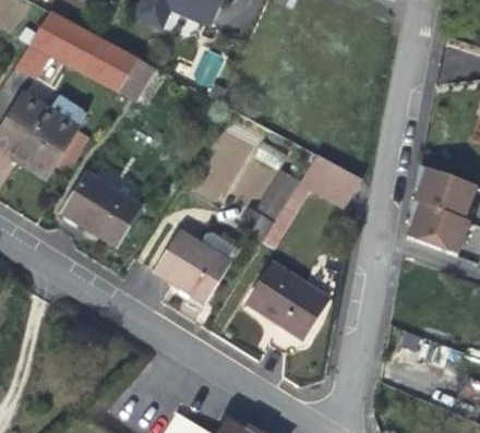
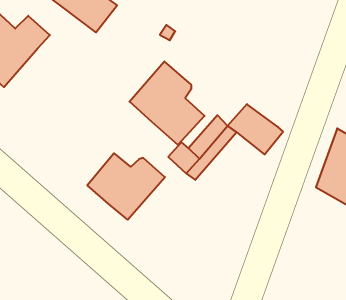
building: none -> [129,61,205,145]
building: [62,172,141,246] -> none
building: [247,263,328,338] -> none

